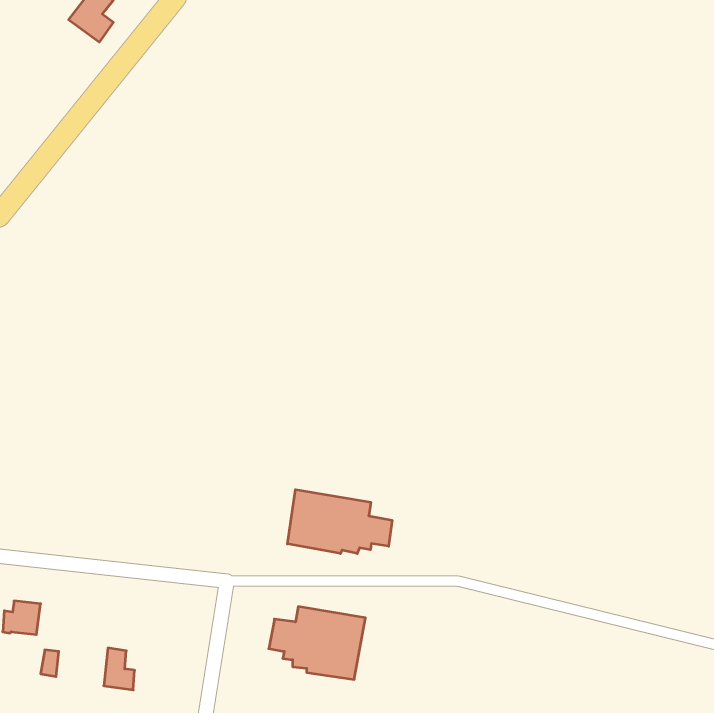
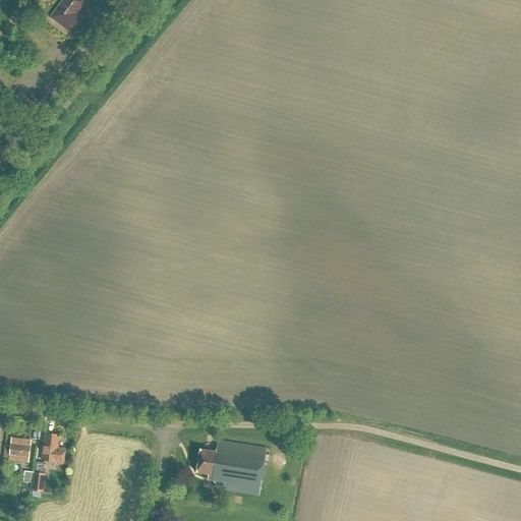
building: [287,490,392,554] -> none
building: [104,648,135,690] -> [41,432,63,463]

